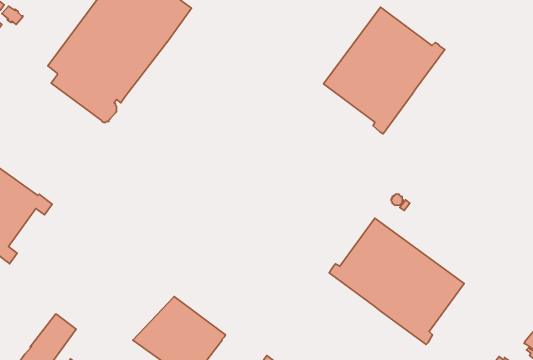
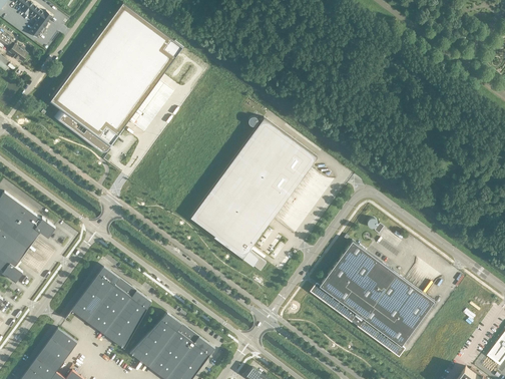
building: [323,7,445,134] -> none
building: none -> [189,118,316,271]
building: none -> [70,266,150,349]

